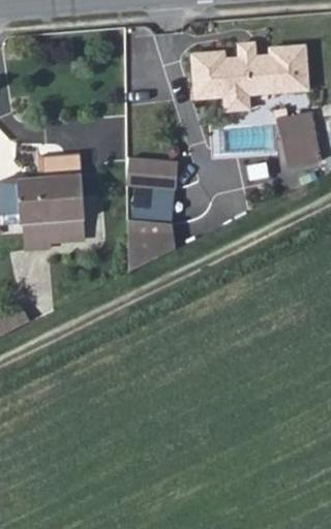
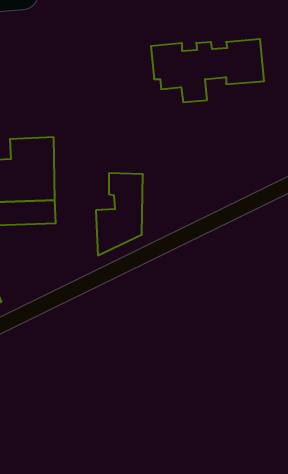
building: [272,113,315,167] -> none
building: [130,158,180,186] -> none

